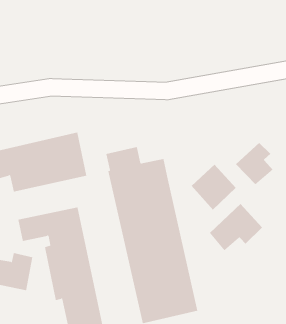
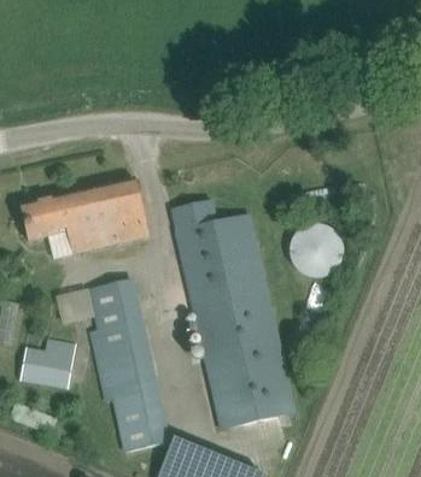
building: [235,142,273,185] -> none
building: [209,203,263,251] -> none

